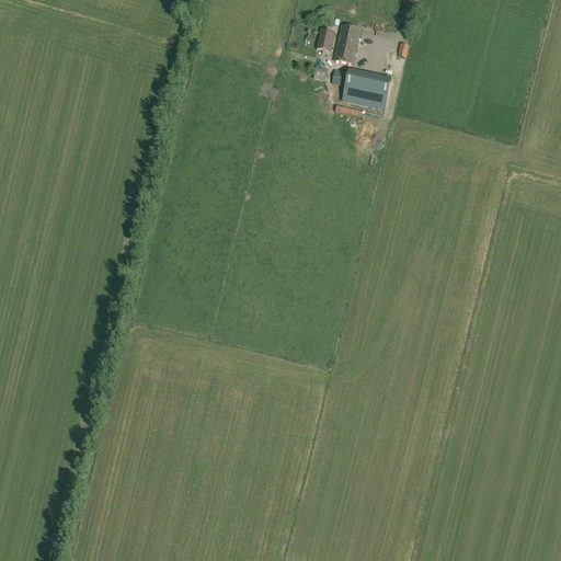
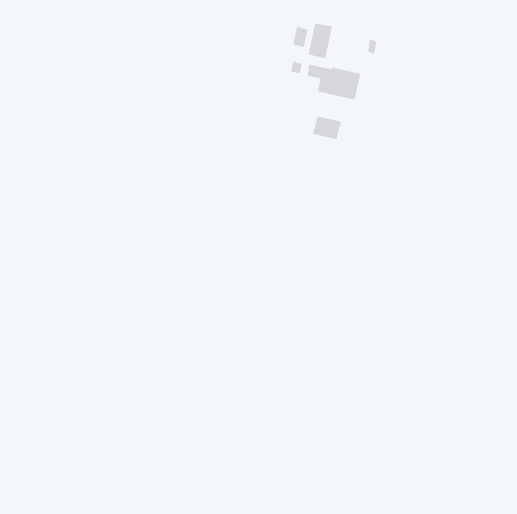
building: none -> [312,116,341,140]

